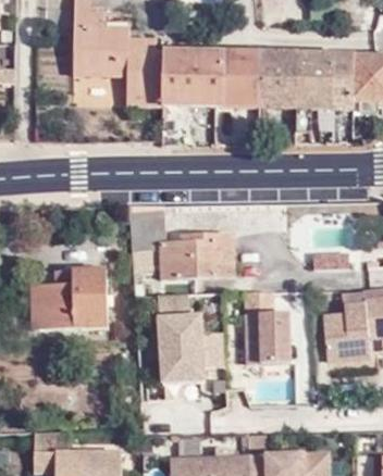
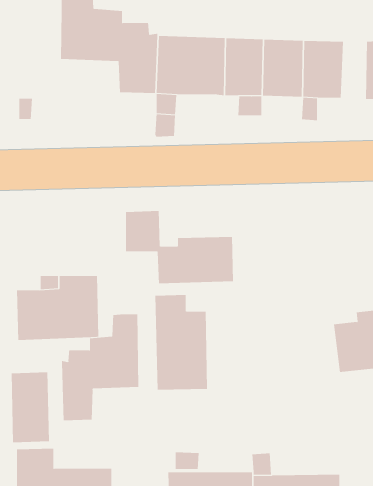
building: [331,55,354,109] -> none
building: [242,289,291,363] -> none
building: none -> [61,313,139,421]
building: none -> [11,371,49,443]

